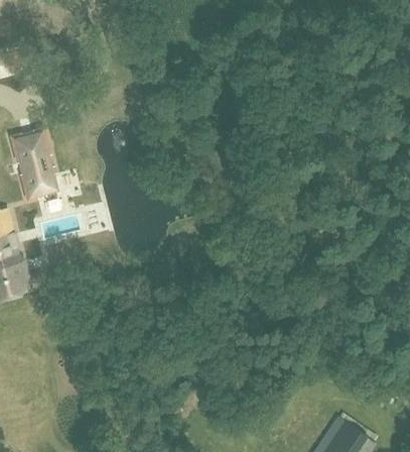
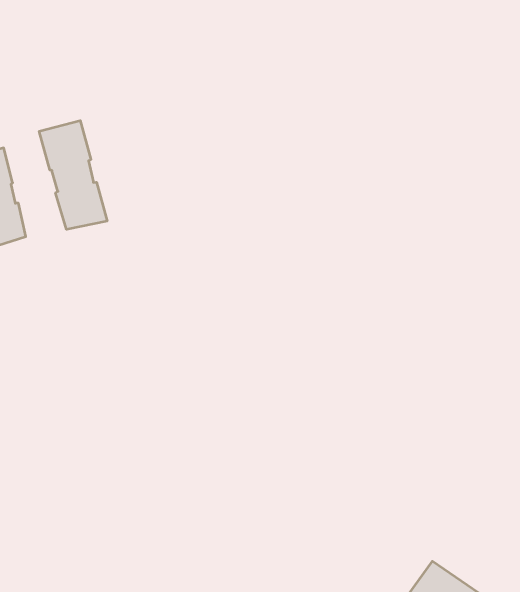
building: none -> [39,121,107,229]

